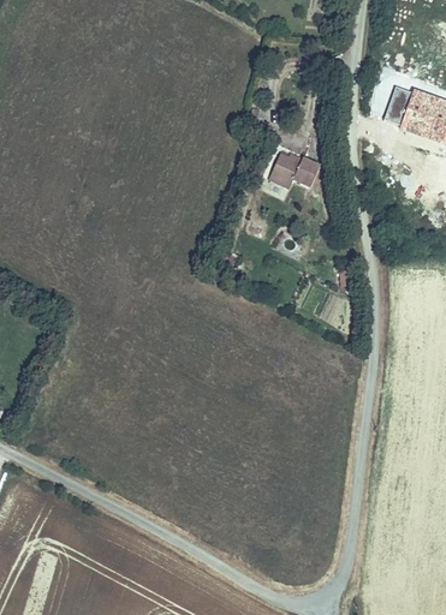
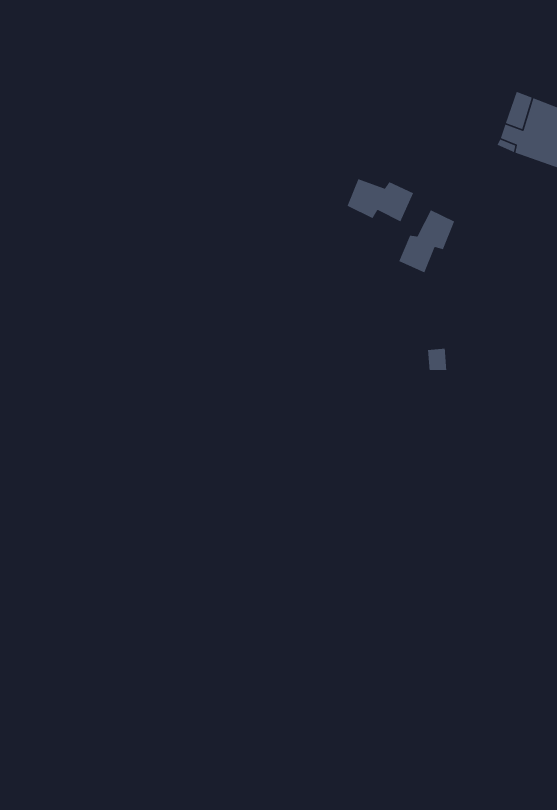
building: none -> [398,209,455,273]

